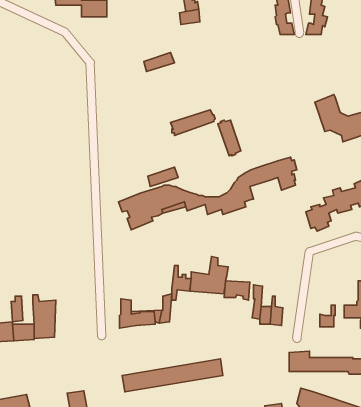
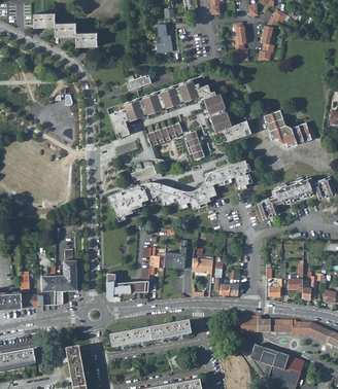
building: none -> [109,79,249,140]
building: none -> [55,249,76,305]

